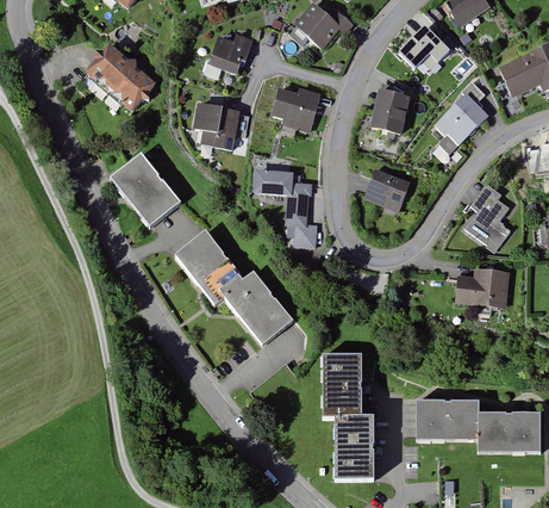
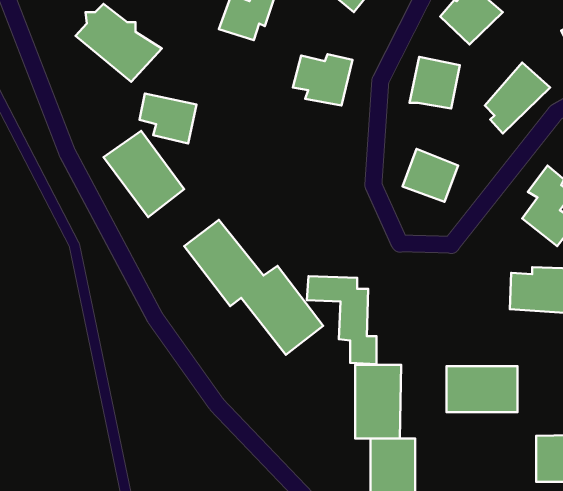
building: [192,101,241,144] -> [139,93,196,144]
building: [258,168,318,243] -> [307,276,377,364]
building: [416,402,476,441] -> [446,366,517,412]

